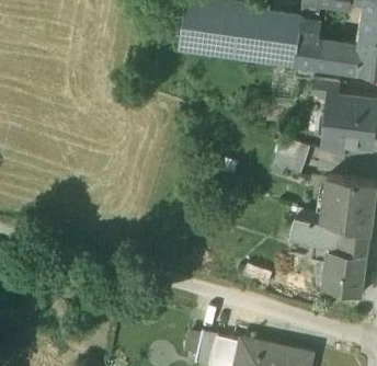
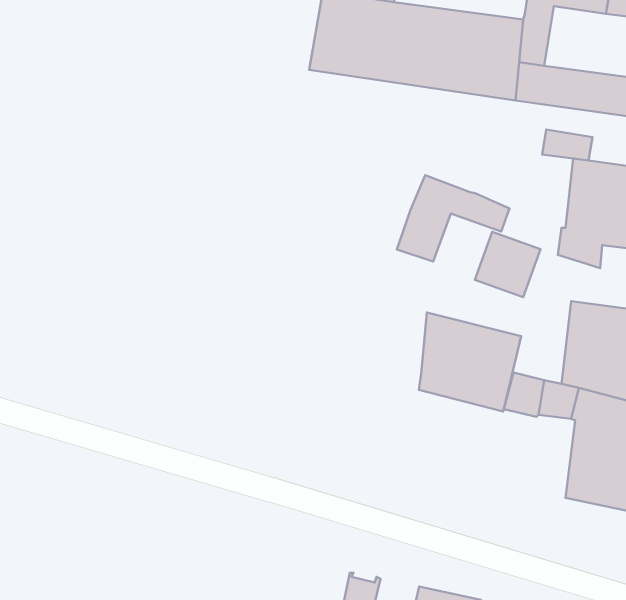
building: none -> [397,175,510,261]
building: none -> [419,313,521,411]

